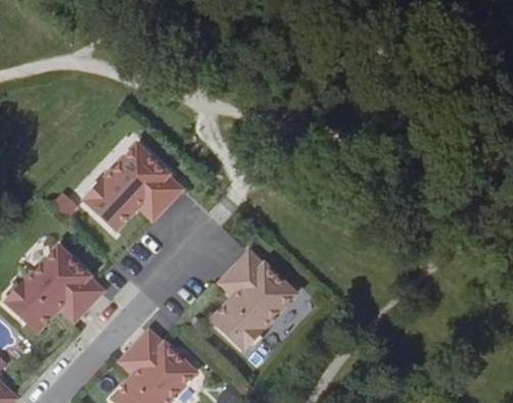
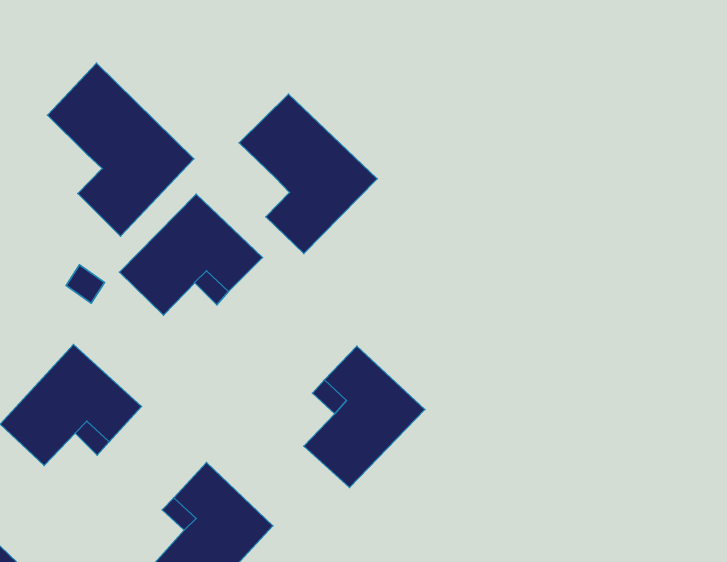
building: none -> [48,63,194,236]
building: none -> [239,94,377,253]

